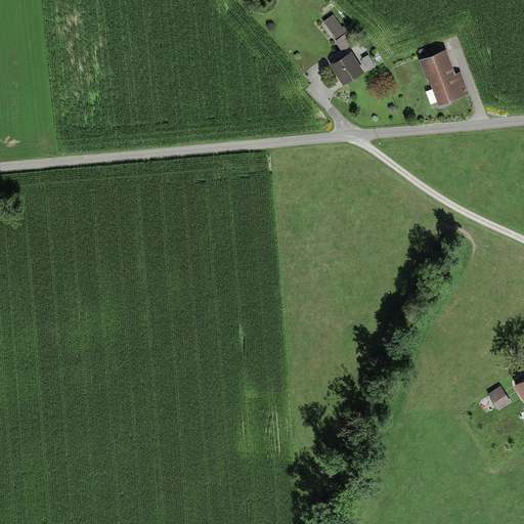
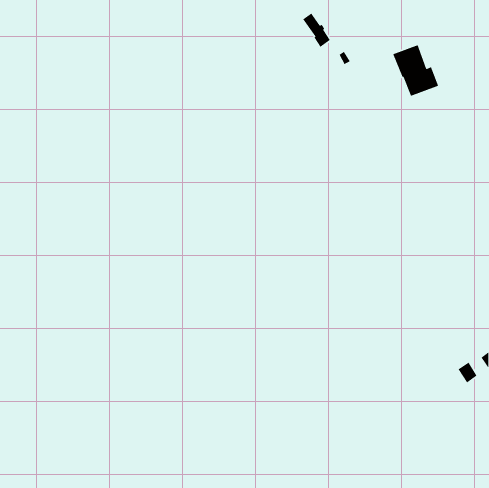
building: [330,52,363,86] -> none

